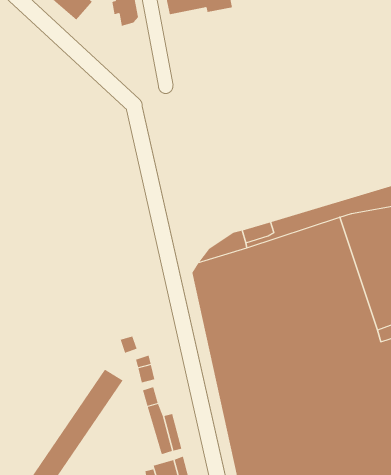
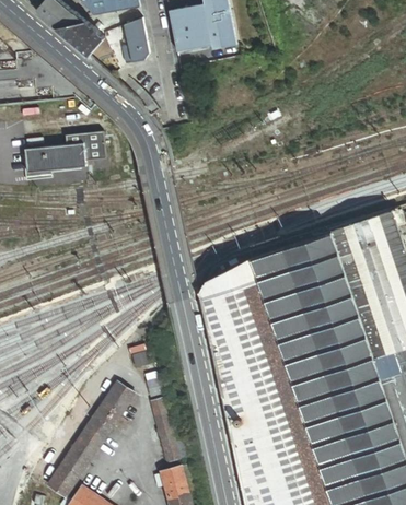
building: none -> [26,134,108,180]

